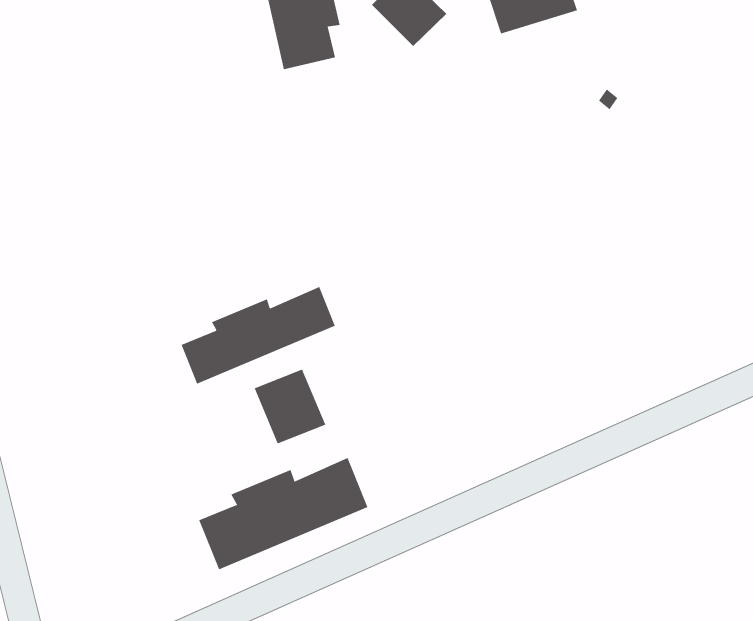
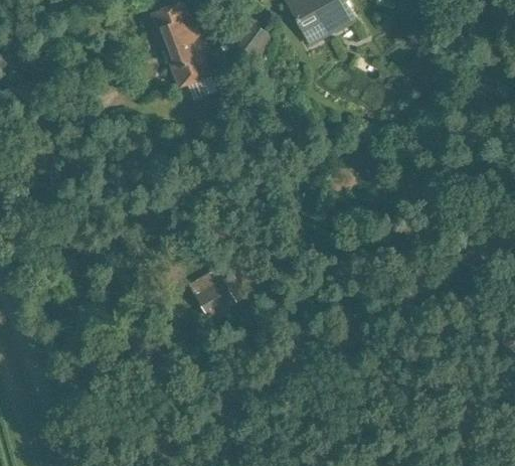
building: [181,286,335,384] -> none
building: [199,457,368,570] -> none

